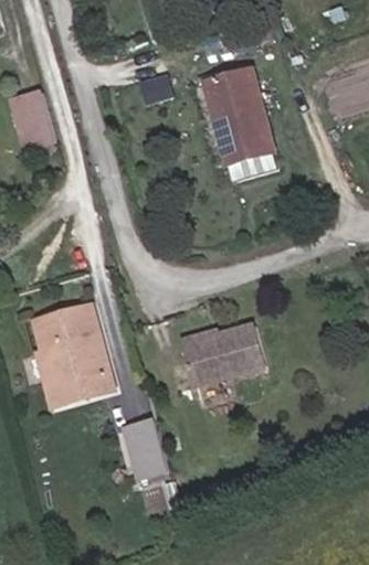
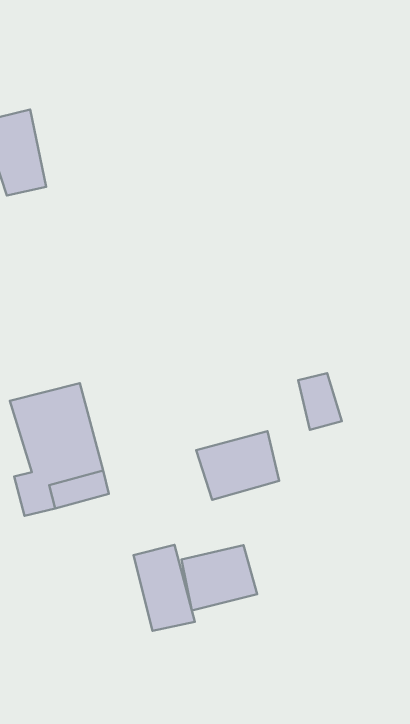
building: [204,68,278,169] -> none
building: [228,328,261,371] -> [298,373,342,430]
building: none -> [182,545,257,611]

